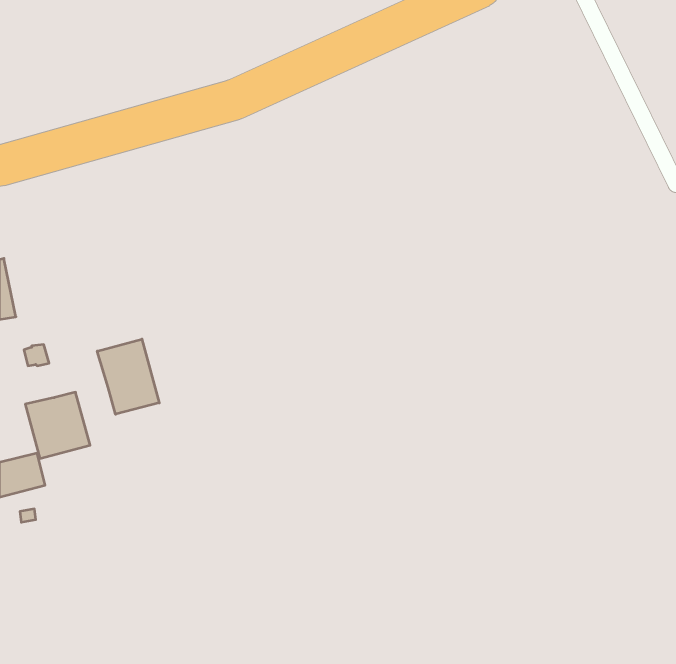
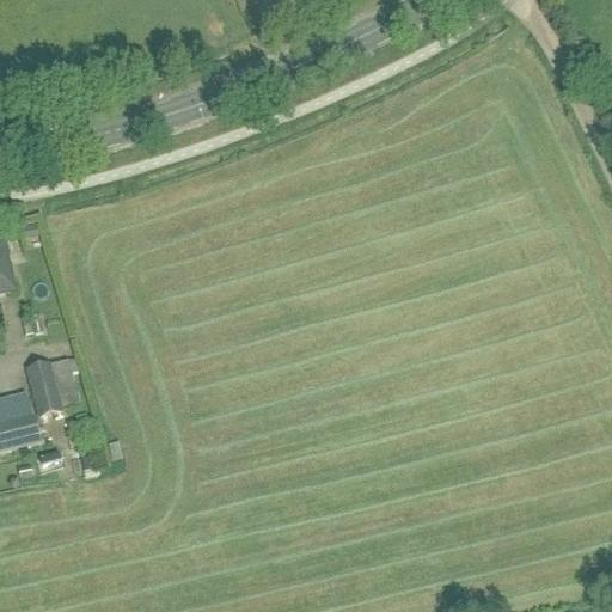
building: [97,339,159,414] -> none

